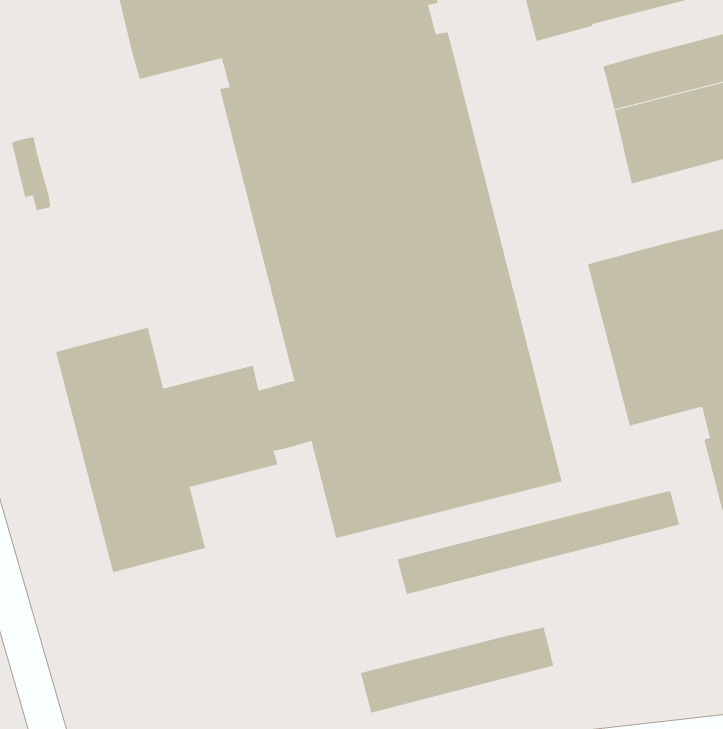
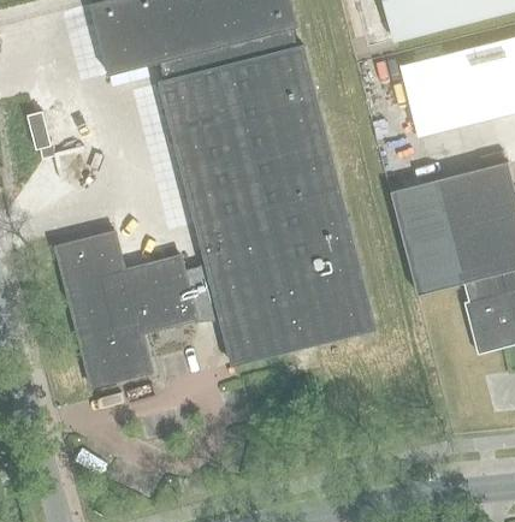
building: [397,490,679,595] -> none
building: [360,627,554,713] -> none

